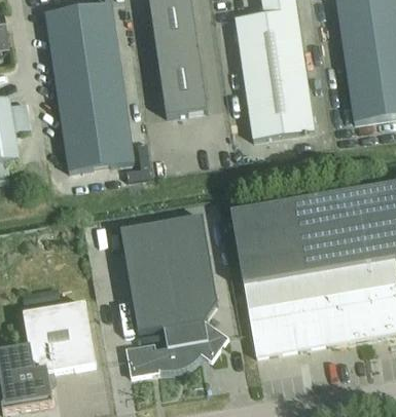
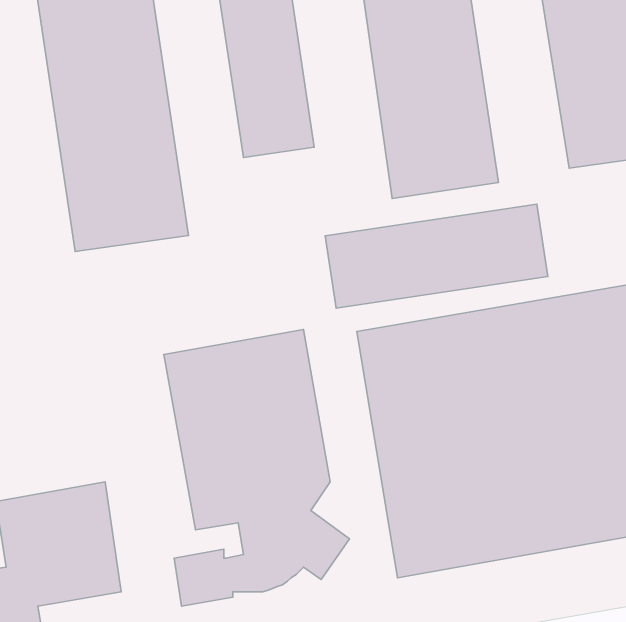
building: none -> [325,204,548,308]

